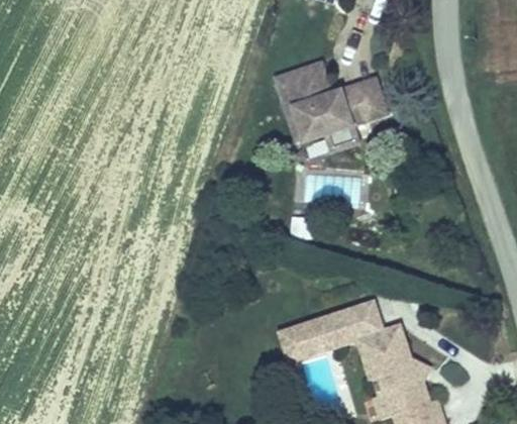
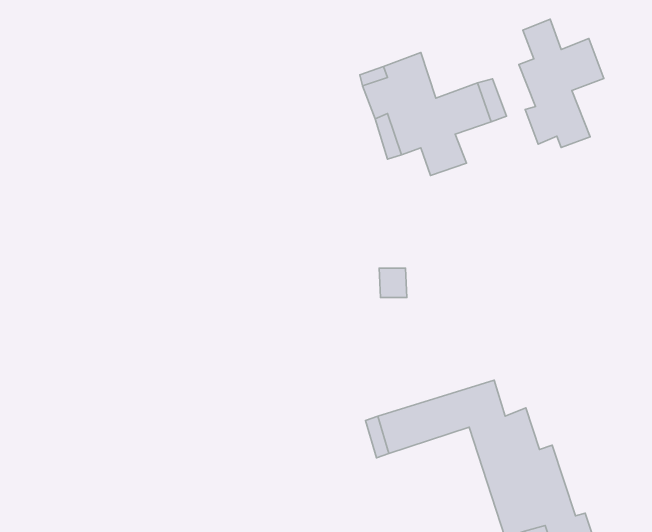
building: none -> [519,19,604,148]

